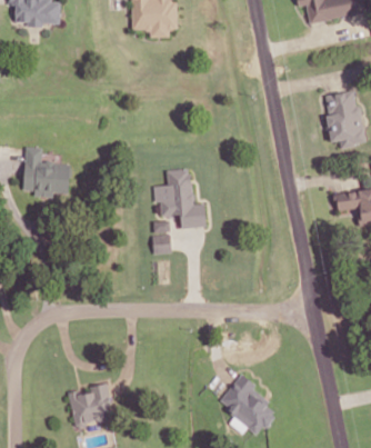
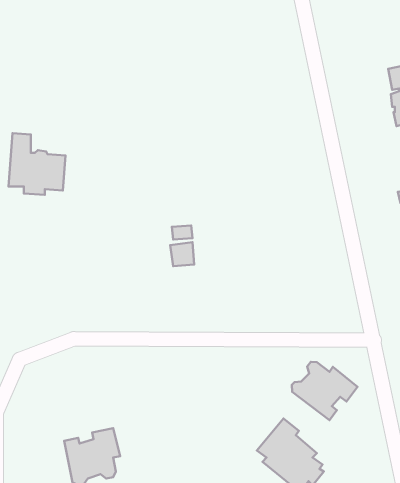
building: [154,170,207,229] -> none
building: none -> [292,362,357,420]

